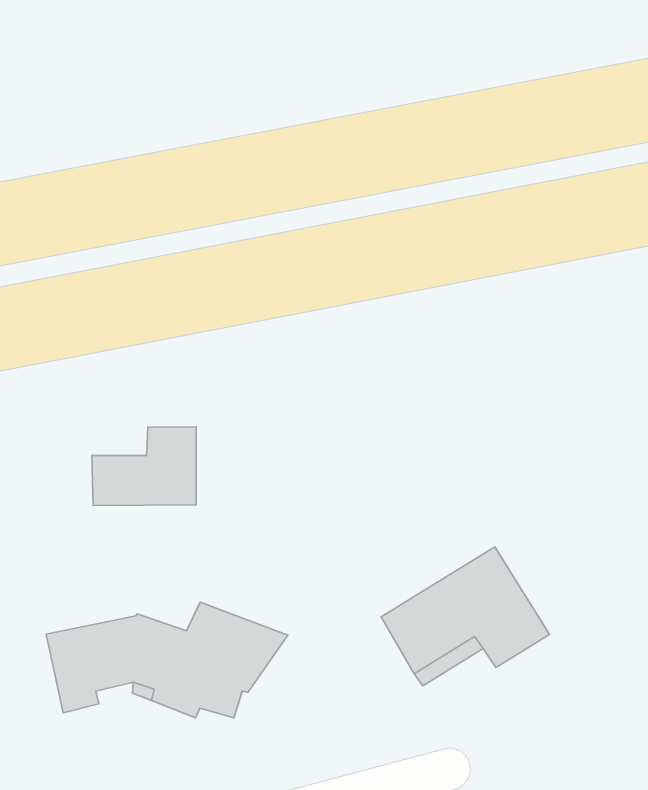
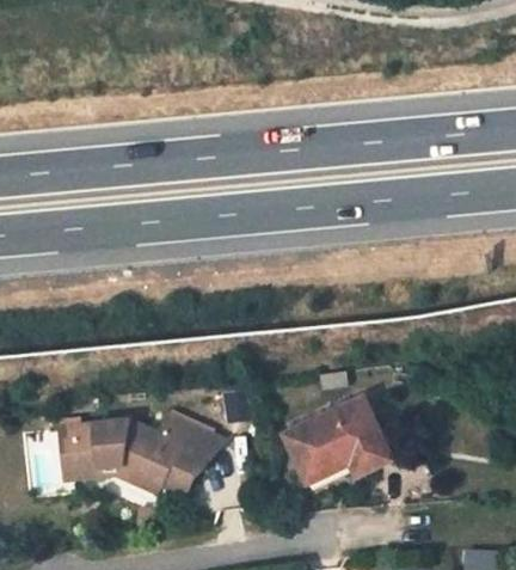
building: [92,427,196,505] -> none

